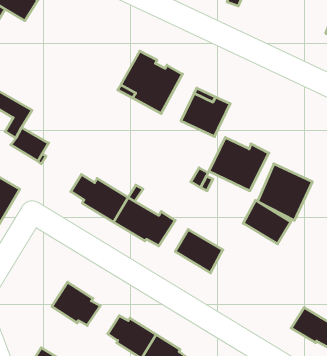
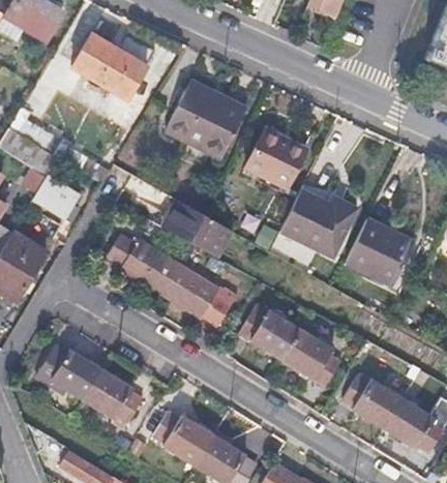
building: none -> [64,36,145,108]
building: none -> [163,198,232,254]
building: [243,200,291,244] -> [282,329,342,384]
building: none -> [35,344,102,400]
building: none -> [342,373,400,427]

